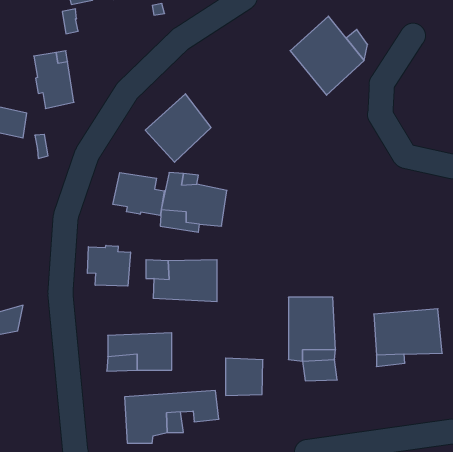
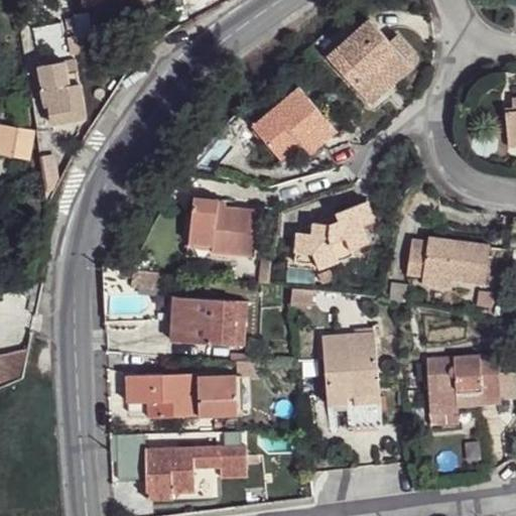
building: [145,94,211,162] -> [252,84,327,161]
building: [113,173,164,216] -> none
building: none -> [289,204,367,273]
building: none -> [408,241,491,292]
building: [87,245,130,286] -> none
building: [226,358,263,395] -> [195,377,237,419]

